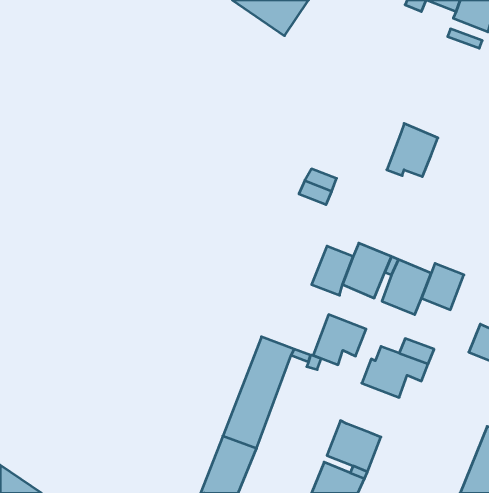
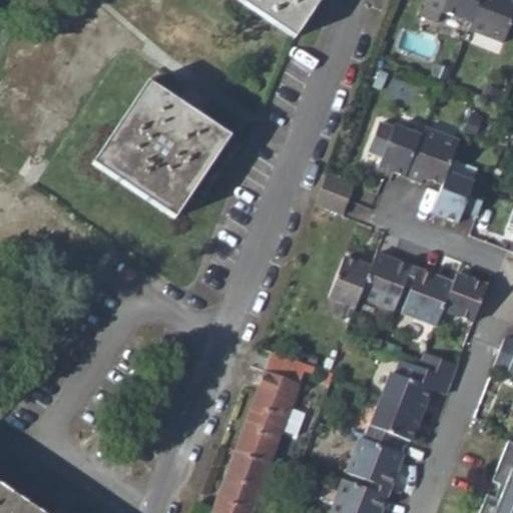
building: none -> [96,80,233,216]
building: none -> [369,123,421,176]
building: none -> [433,161,488,222]
building: [313,315,366,365] -> [364,398,419,450]

